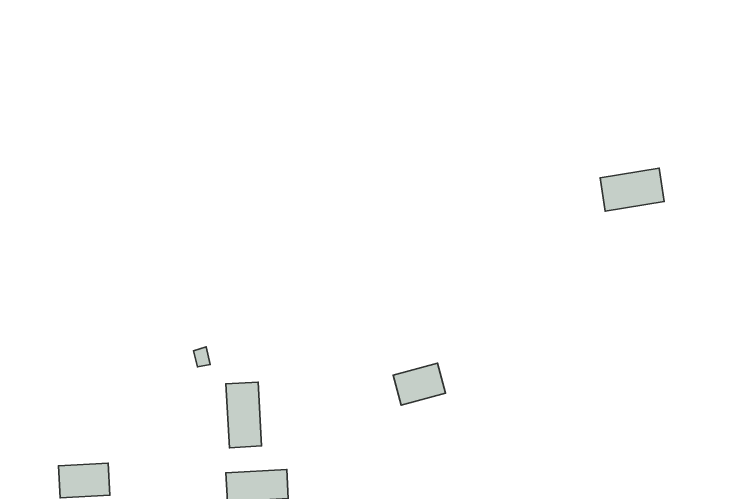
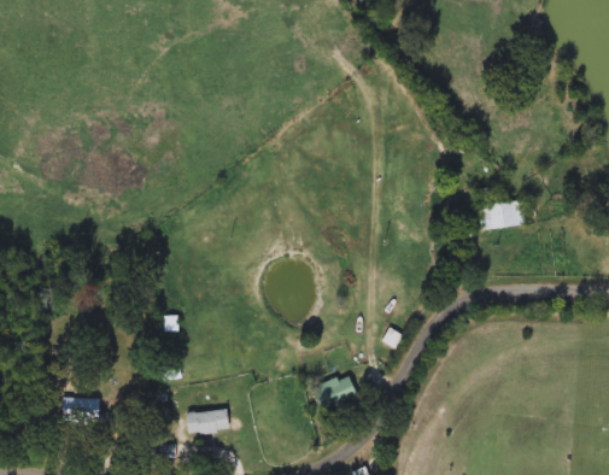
building: [393,363,446,405] -> [317,376,356,406]
building: [226,382,262,448] -> none

